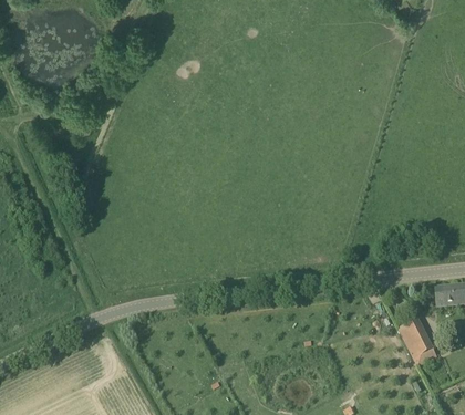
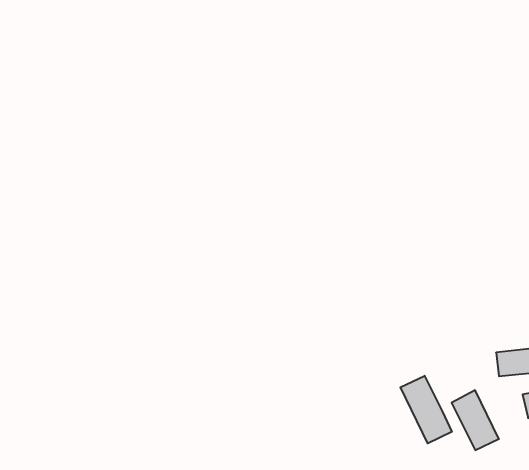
building: none -> [400,376,452,443]

